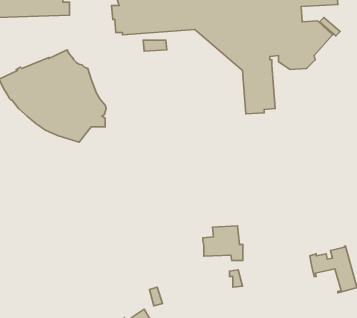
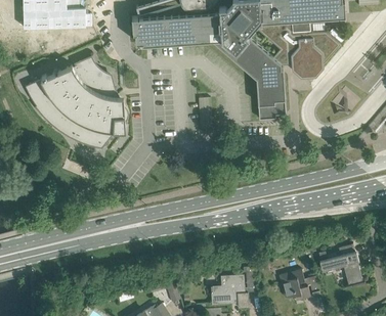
building: [203,226,243,261] -> [211,274,249,307]
building: none -> [282,269,320,301]

